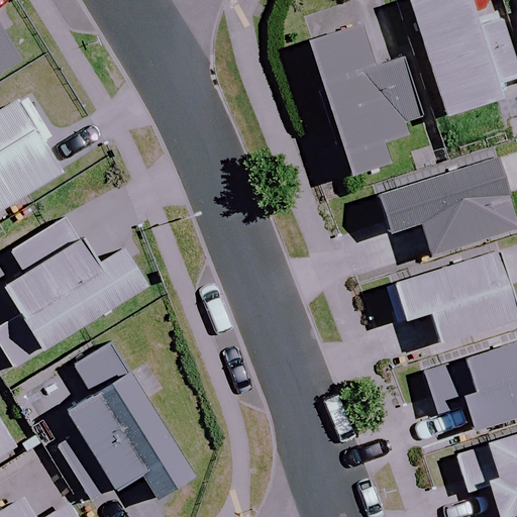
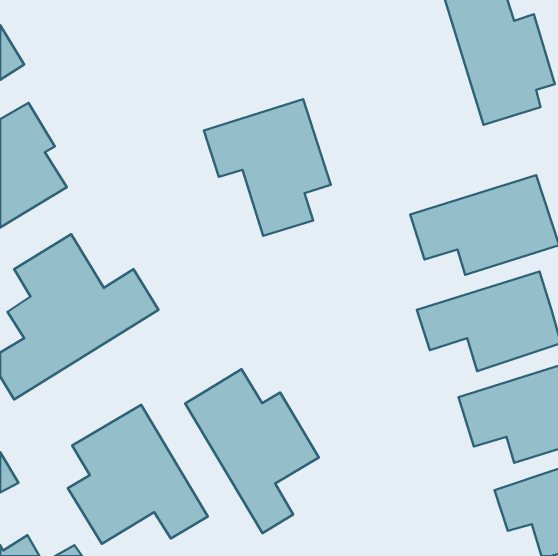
building: [316,37,420,176] -> none
building: none -> [204,99,331,236]
building: none -> [185,369,319,533]

